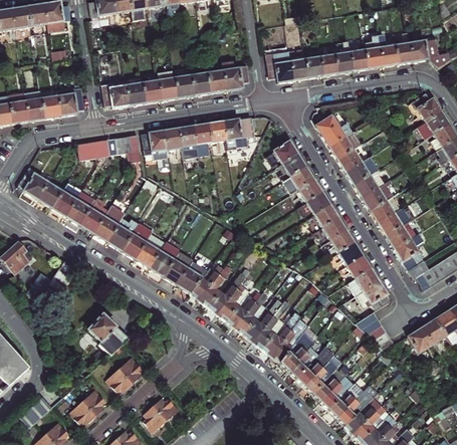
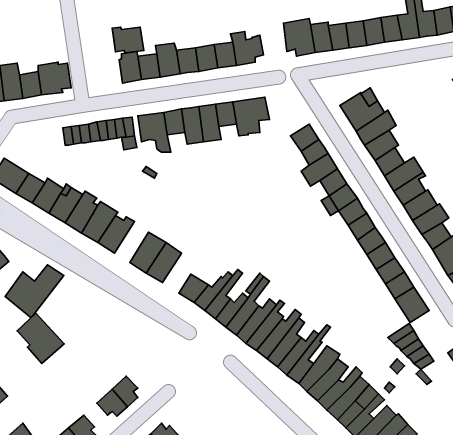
building: [101,85,129,107] -> [112,27,144,53]
building: [122,224,152,259] -> none
building: [163,253,192,285] -> none
building: [91,310,132,354] -> [17,313,64,364]

